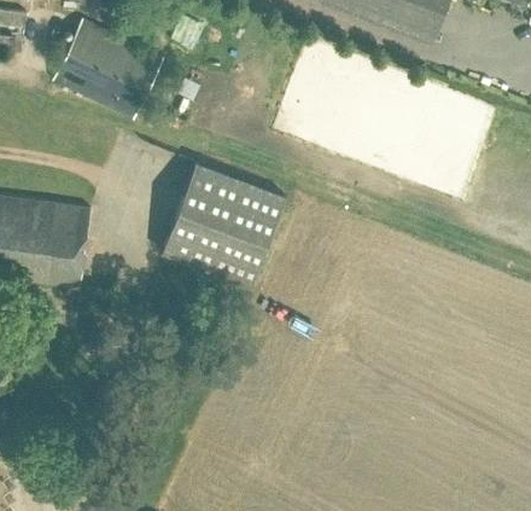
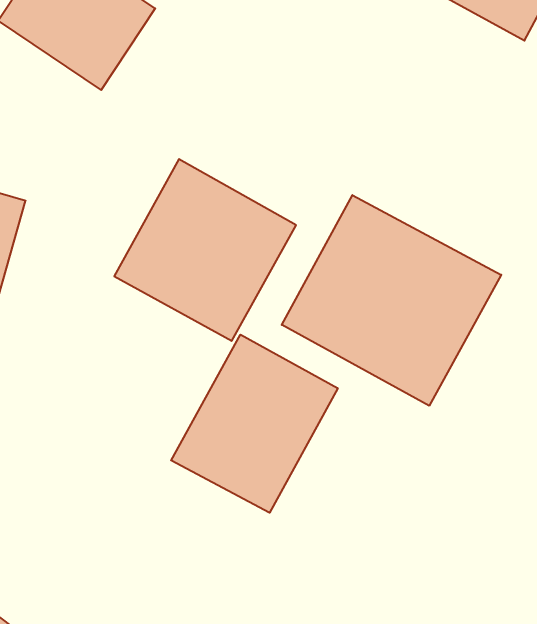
building: none -> [282,195,501,406]
building: none -> [171,335,338,513]

